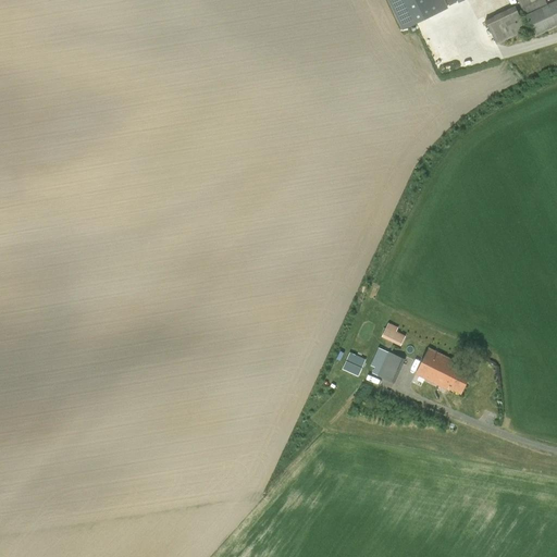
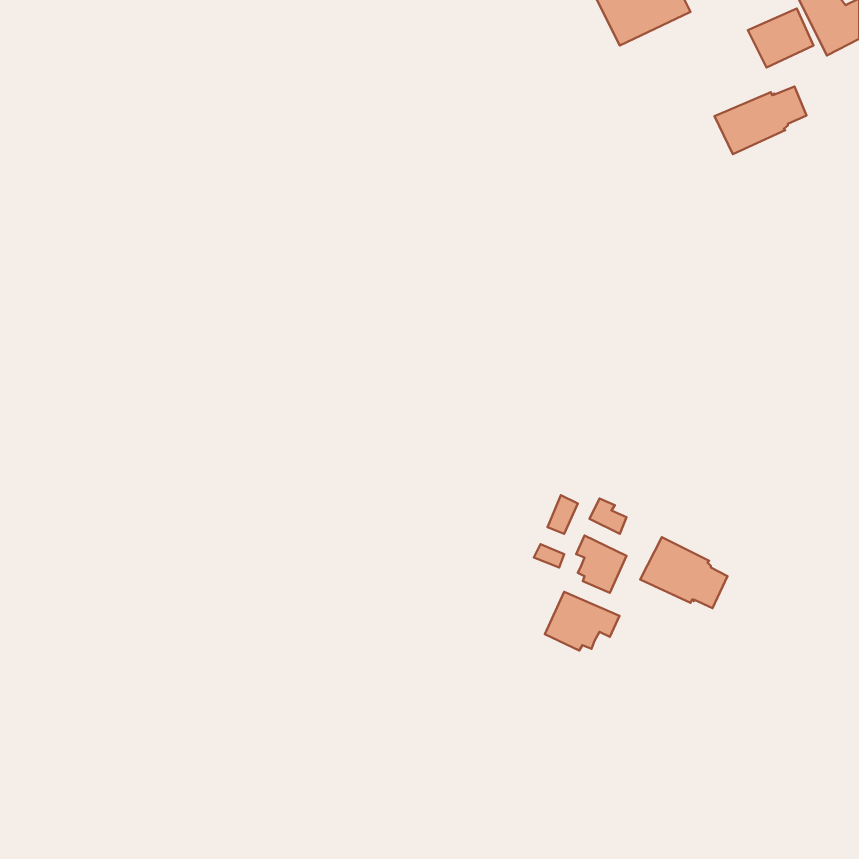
building: none -> [715,86,807,154]
building: none -> [545,592,620,650]

